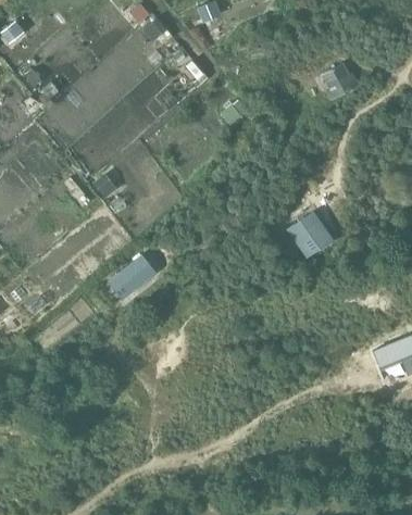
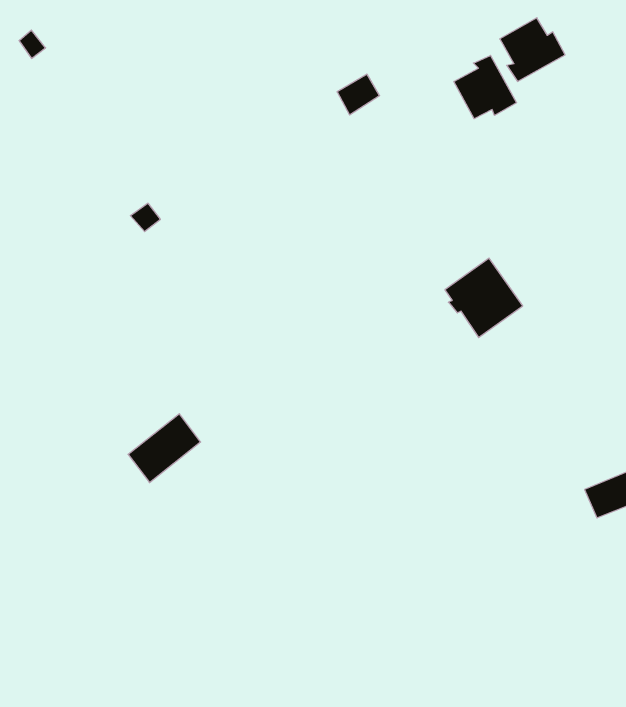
building: none -> [454,55,517,119]
building: [111,255,155,298] -> [128,414,201,483]

